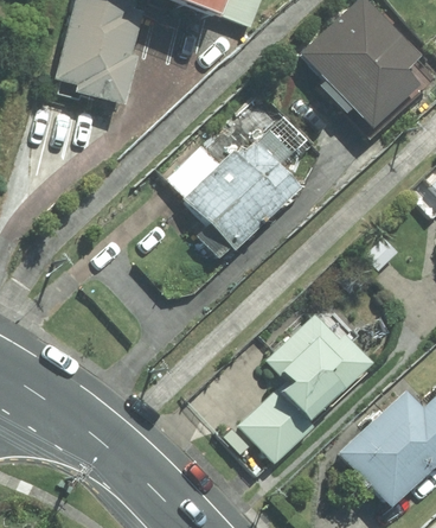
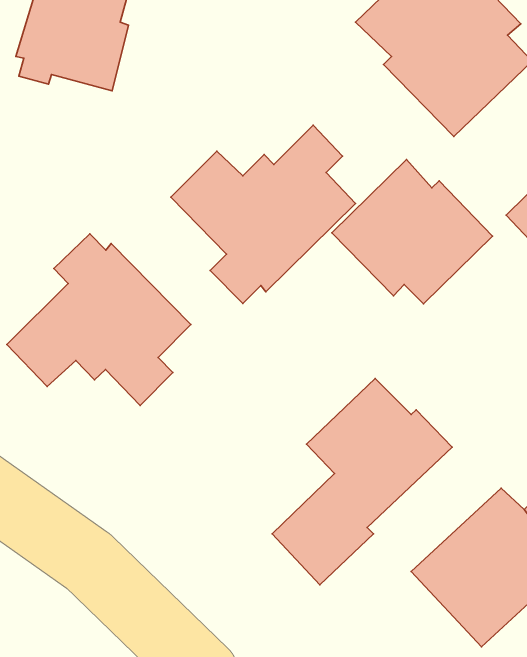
building: none -> [332,159,492,304]
building: none -> [7,234,191,406]

